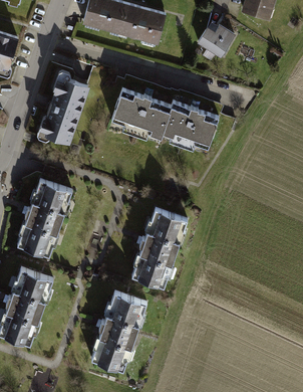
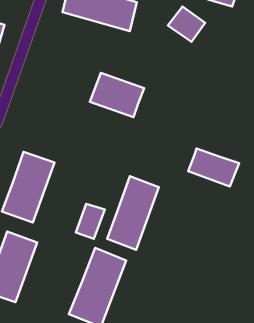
building: [35,73,90,143] -> none
building: [165,102,221,144] -> [188,149,239,187]
building: none -> [76,204,105,239]

